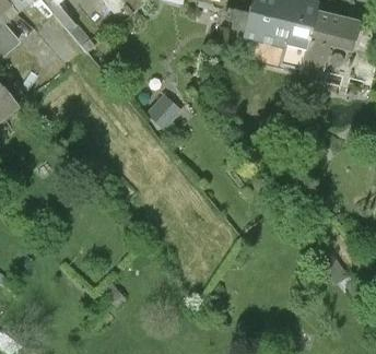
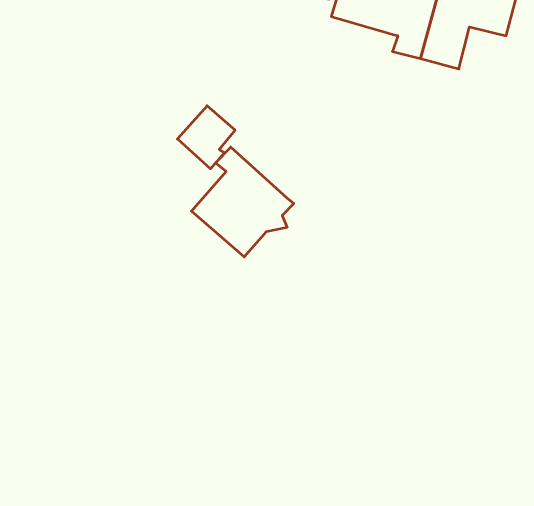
building: none -> [191,147,294,257]

